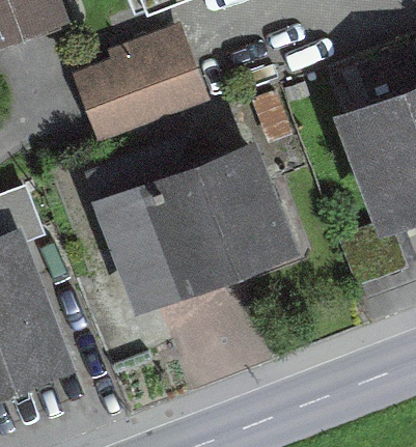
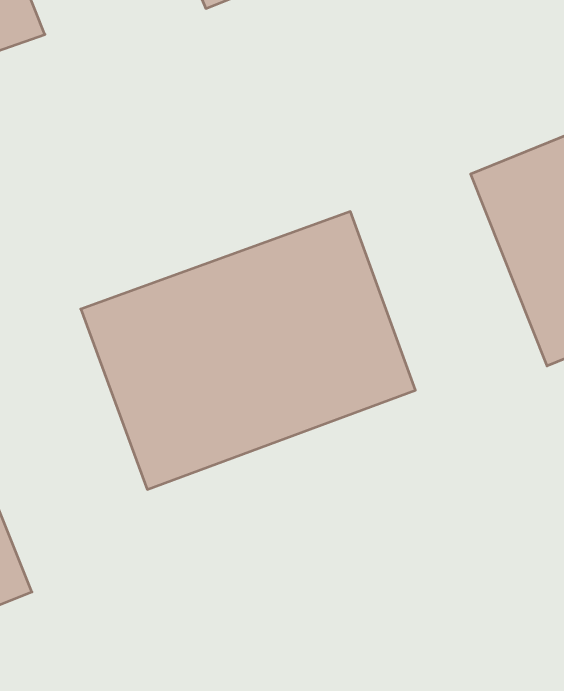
building: [72,30,206,151] -> none

